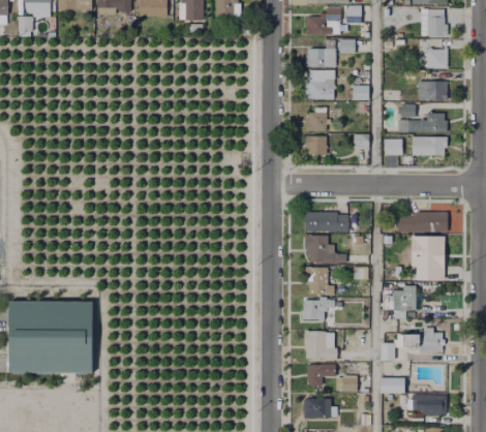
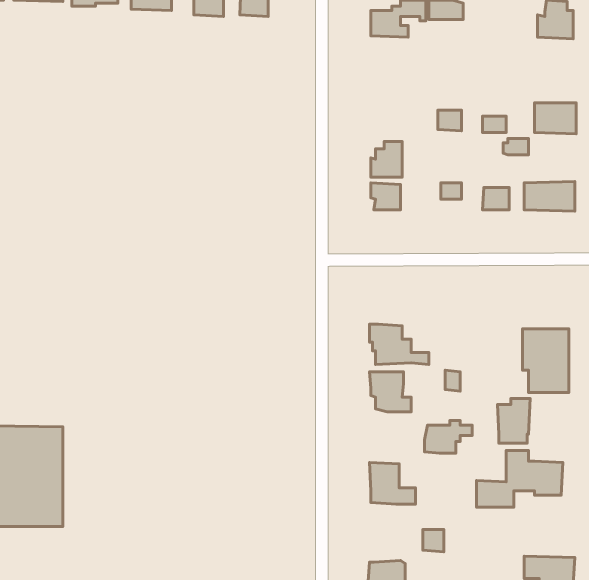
building: [305,39,355,66] -> none
building: [426,47,447,67] -> none
building: [305,72,334,98] -> none
building: [397,112,447,134] -> none
building: [304,211,347,230] -> none
building: [397,213,448,233] -> none
building: [301,298,334,320] -> [425,421,472,453]
building: [306,364,335,384] -> none
building: [379,377,404,393] -> none

